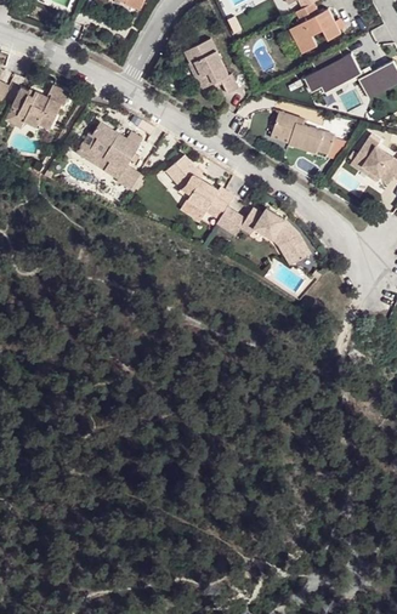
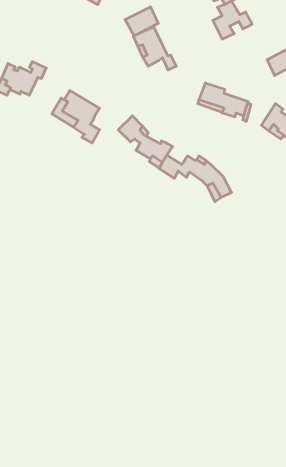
building: none -> [125,7,158,36]
building: [304,50,361,92] -> none

